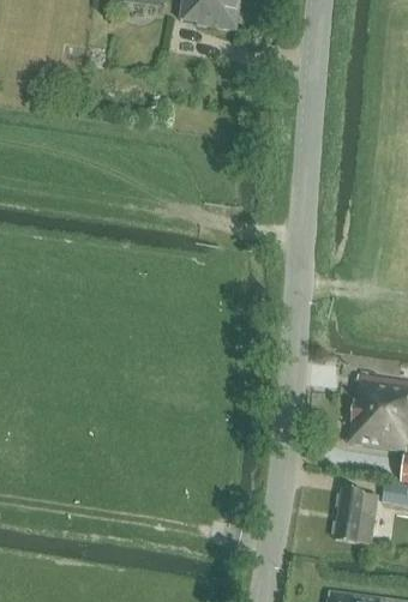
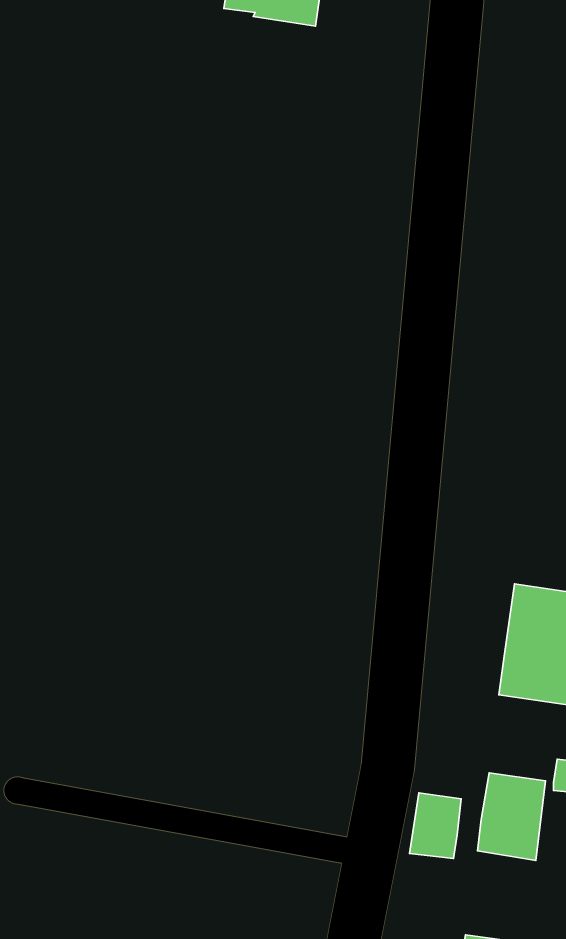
building: none -> [409,793,461,858]

